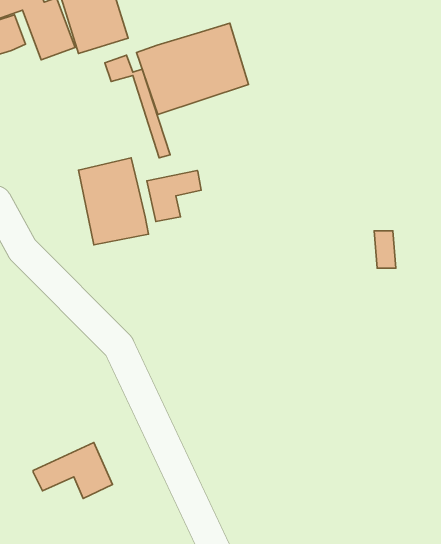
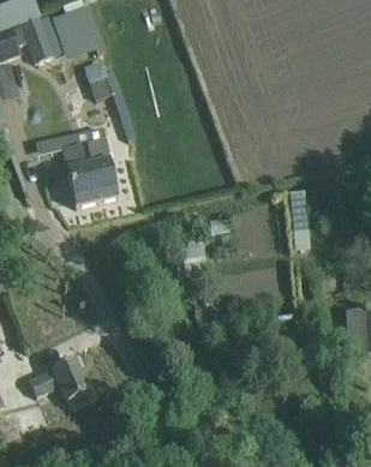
building: [137,23,248,115] -> none
building: [147,170,201,222] -> none

